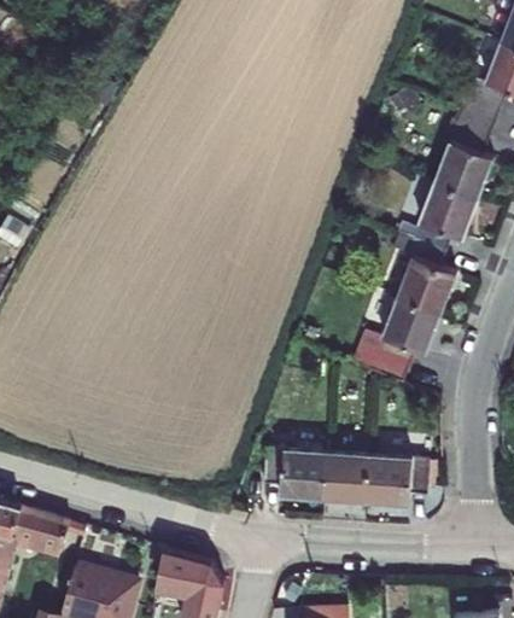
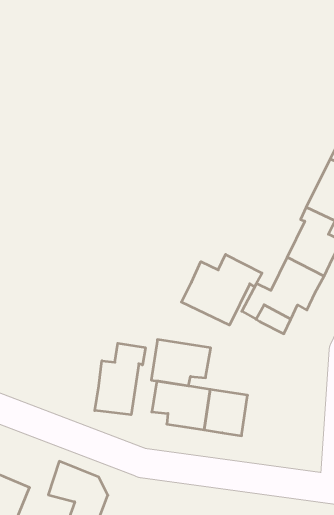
building: none -> [181,254,262,325]
building: none -> [95,343,145,415]
building: [364,456,427,505] -> [151,340,211,386]

